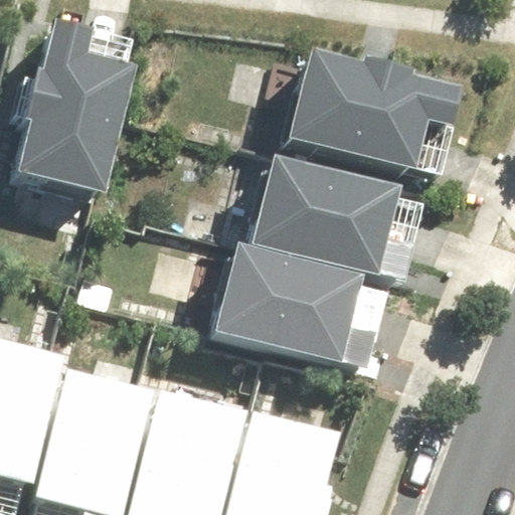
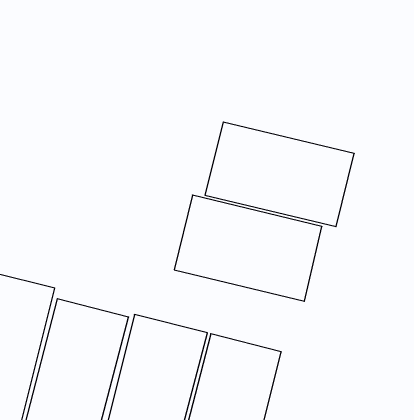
building: [9,21,135,199] -> none
building: [289,49,463,174] -> none

